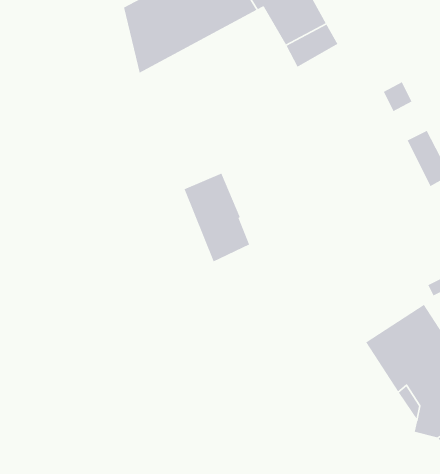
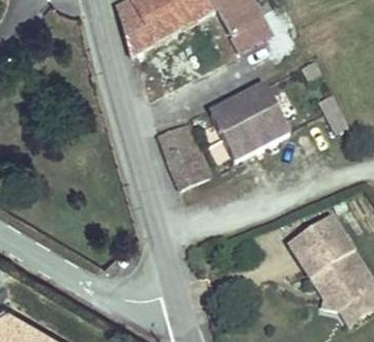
building: none -> [210,86,289,161]

